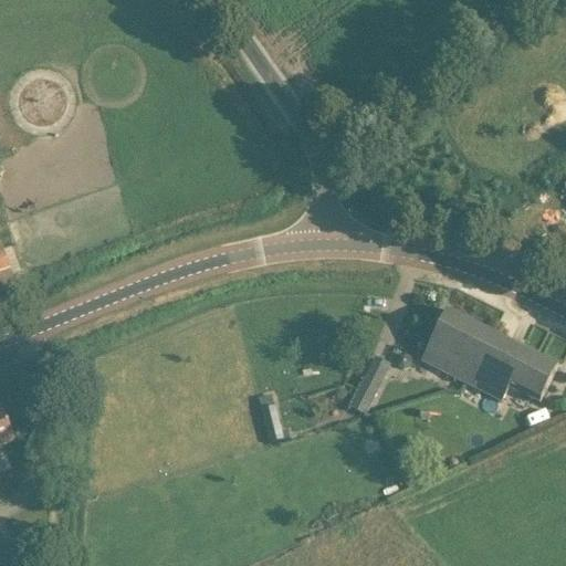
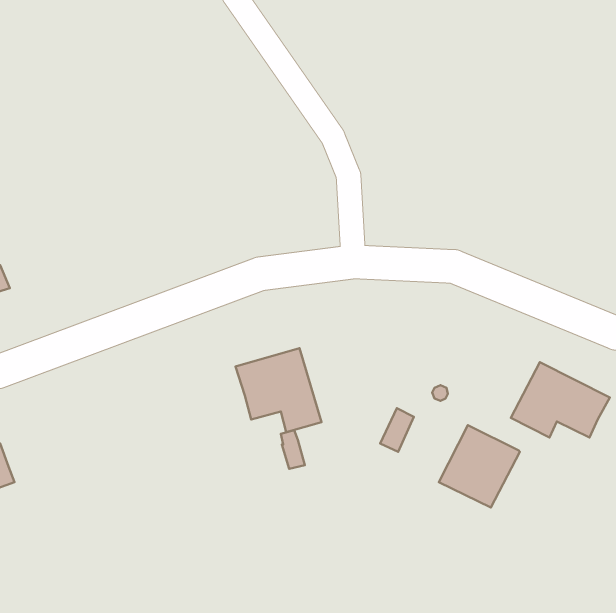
building: [419,306,493,381] -> [439,425,520,508]
building: none -> [236,348,321,432]

